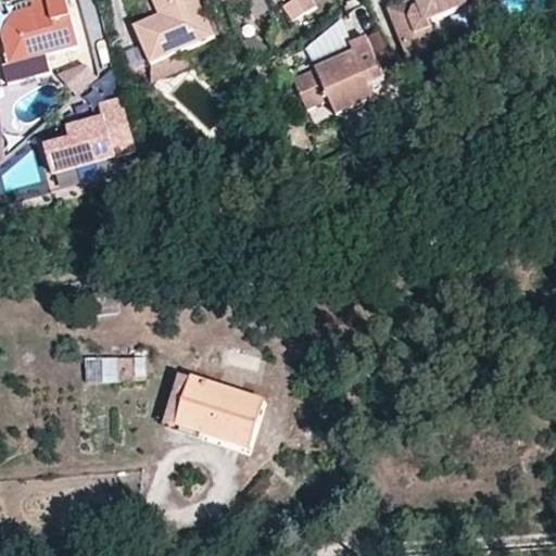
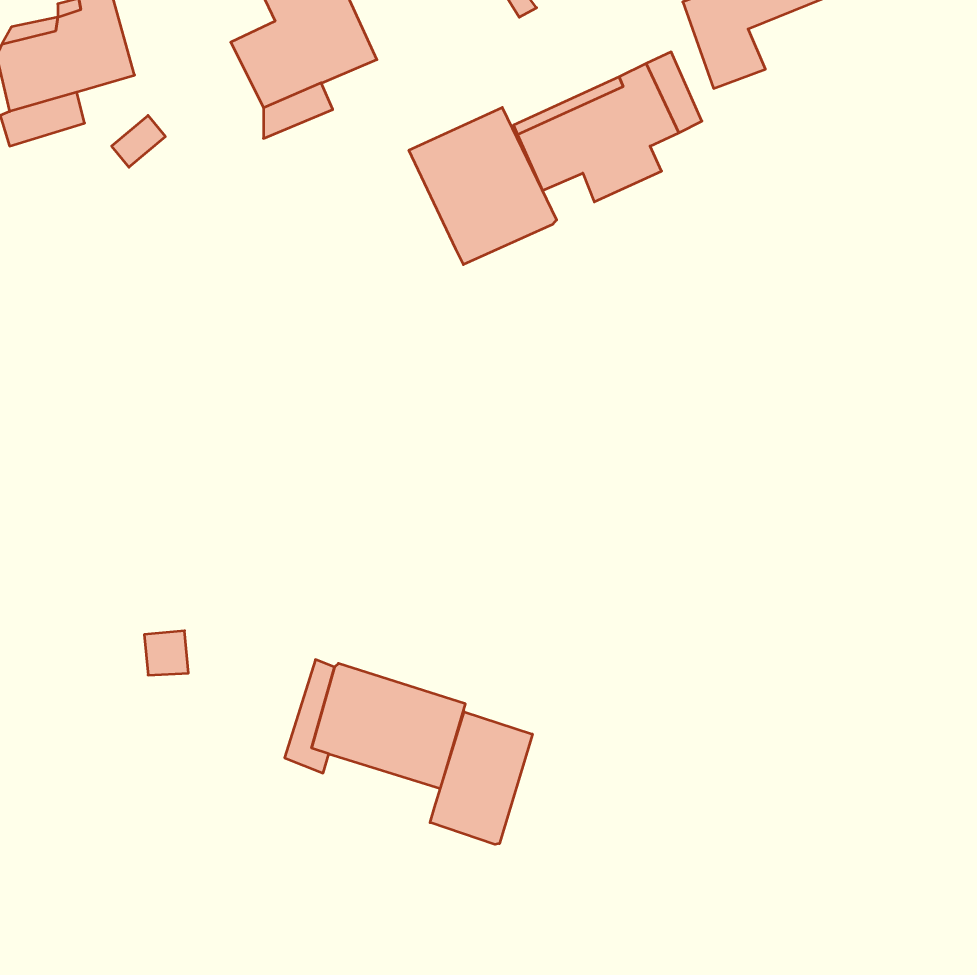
building: none -> [409,107,557,265]
building: [48,92,135,168] -> none
building: none -> [430,712,532,844]

